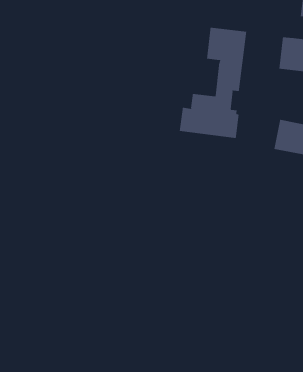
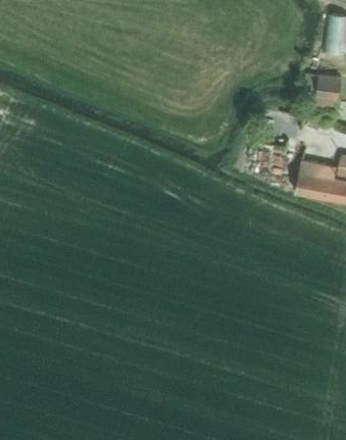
building: [179,27,247,139] -> none

